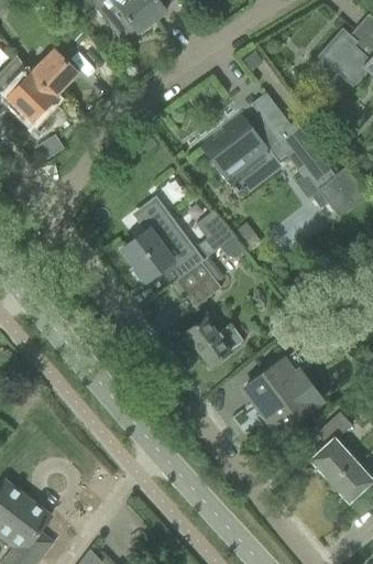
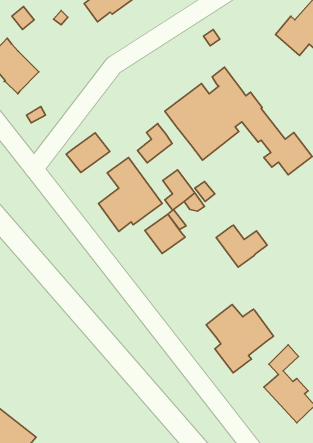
building: [30,50,78,98] -> none
building: none -> [137,124,172,163]
building: none -> [66,133,110,172]
building: [185,317,243,366] -> [216,225,267,267]

